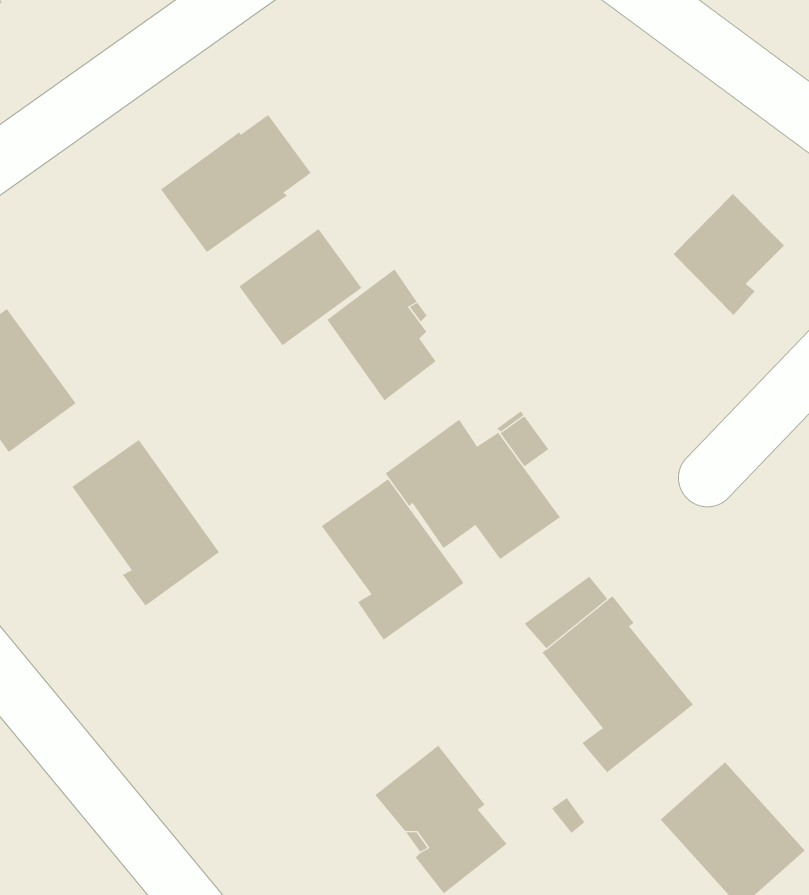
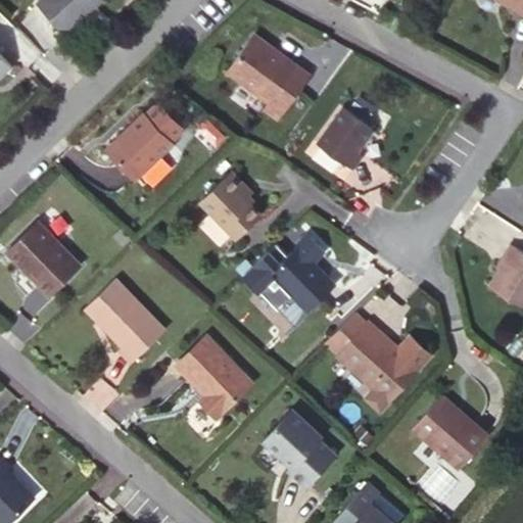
building: none -> [227,35,308,120]
building: [673,193,785,316] -> [317,107,373,170]
building: [239,228,362,346] -> none
building: [321,479,465,640] -> [176,336,253,419]

